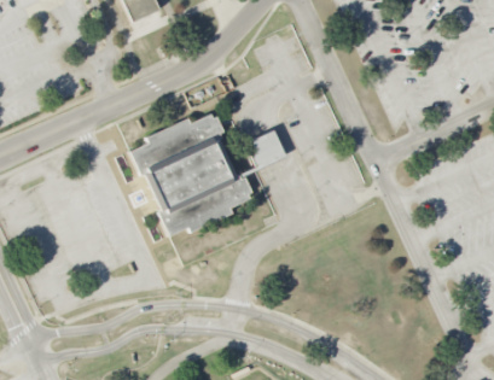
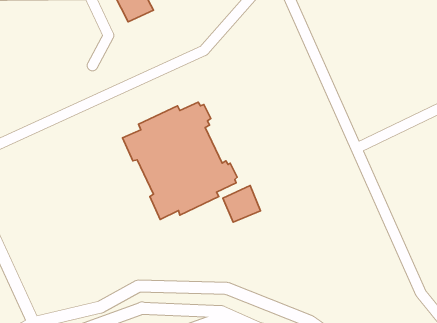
building: [245,129,285,168] -> [223,186,261,222]

